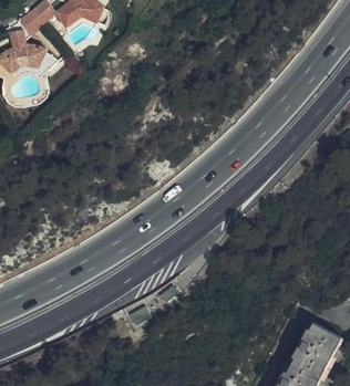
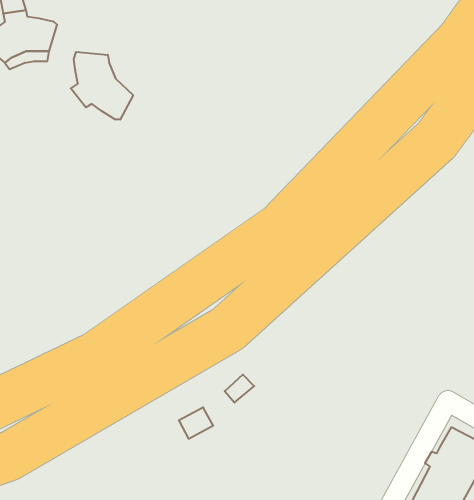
building: none -> [71,52,133,120]

